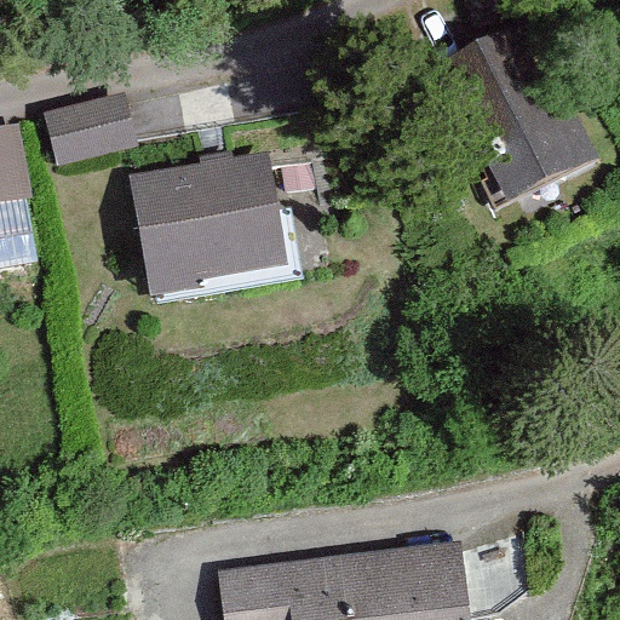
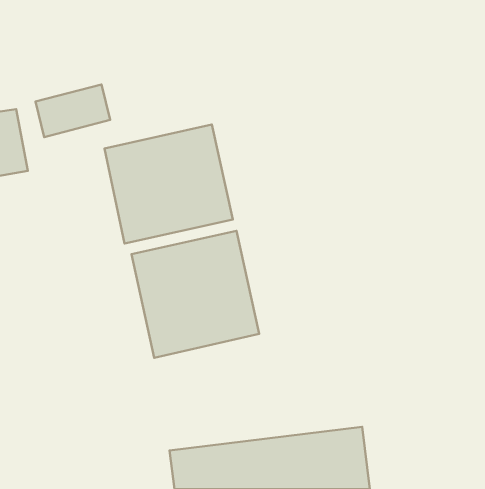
building: [434,22,586,199] -> none
building: none -> [131,231,259,358]

